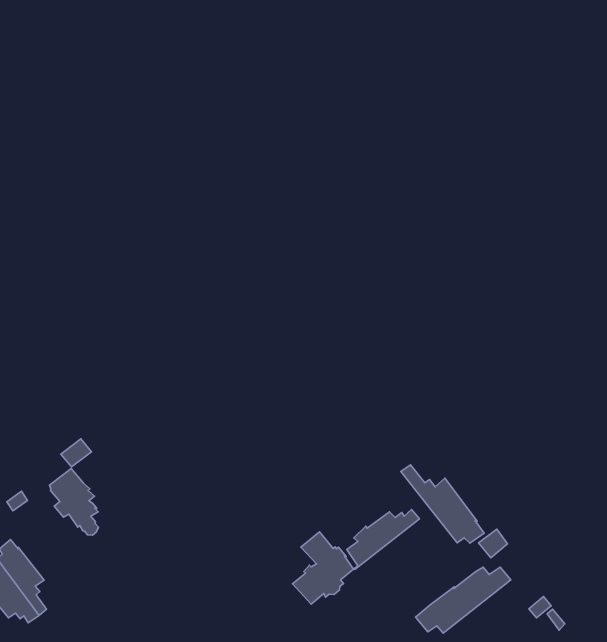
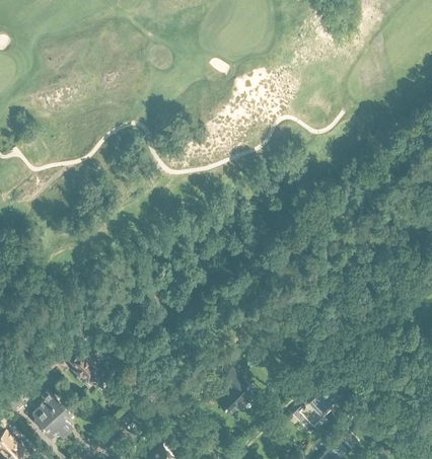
building: [401,465,484,543] -> none
building: [347,510,419,569] -> none

